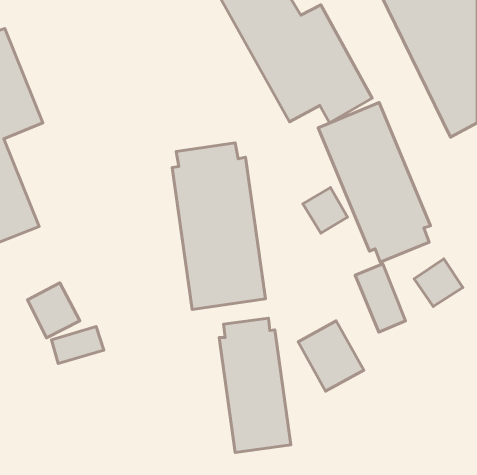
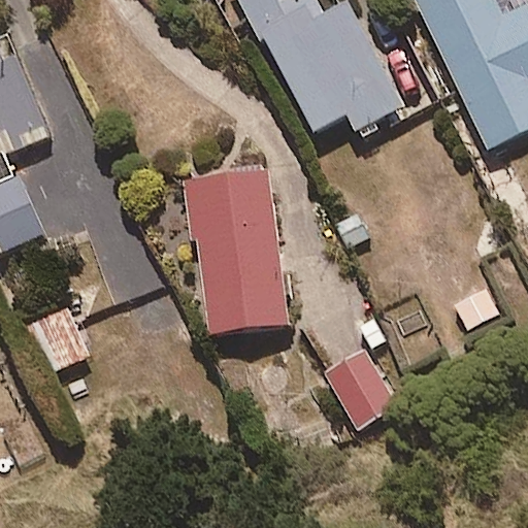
building: [318,102,431,262] -> none
building: [219,318,291,452] -> none

